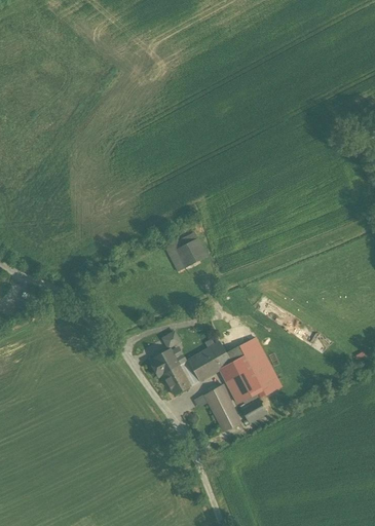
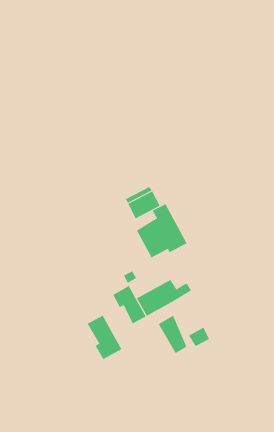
building: [220,338,280,403] -> [136,203,188,258]
building: none -> [87,315,122,360]

